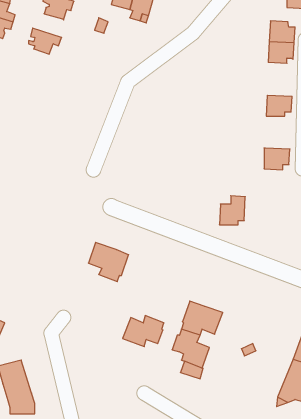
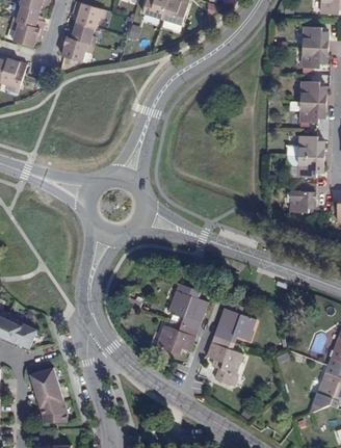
building: none -> [64,19,96,43]
building: none -> [300,80,325,102]
building: none -> [297,134,323,155]
building: [219,196,245,225] -> [289,181,315,210]
building: [88,242,129,282] -> [167,290,208,330]

